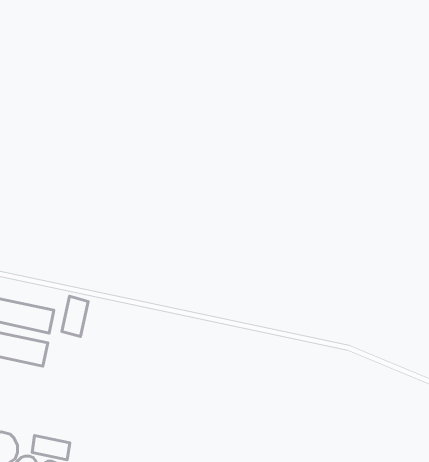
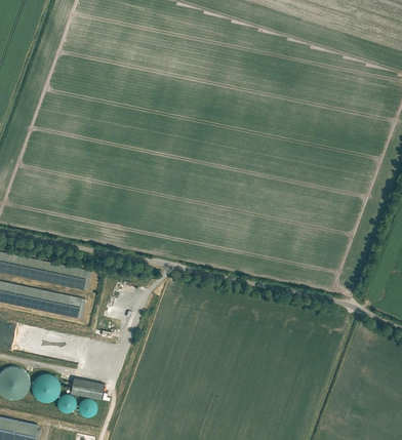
building: [62,296,88,337] -> none

